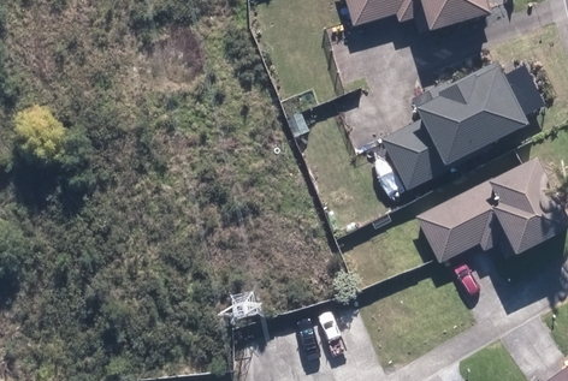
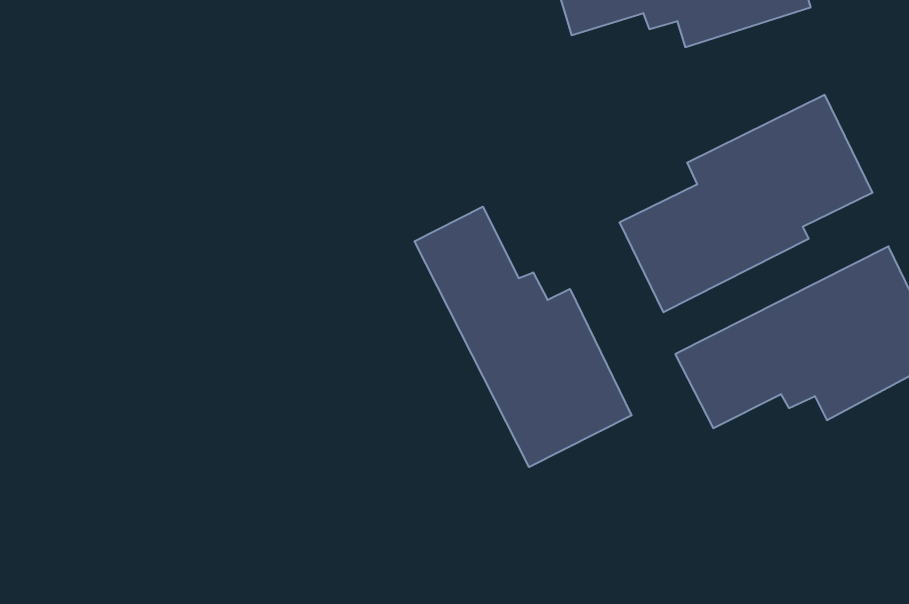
building: none -> [415,207,632,467]

